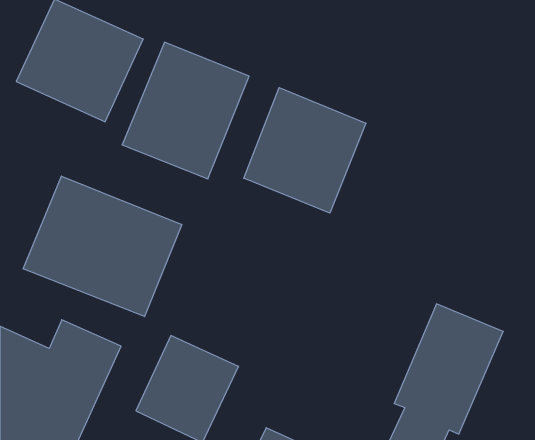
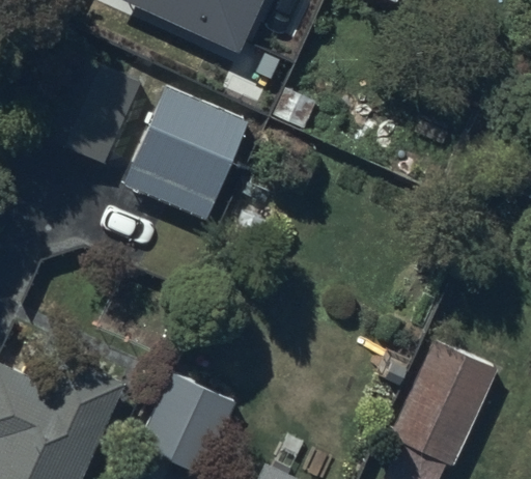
building: [244,88,366,213] -> none
building: [23,176,182,317] -> none

